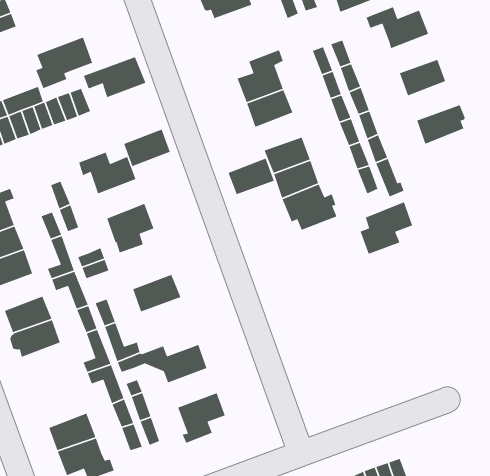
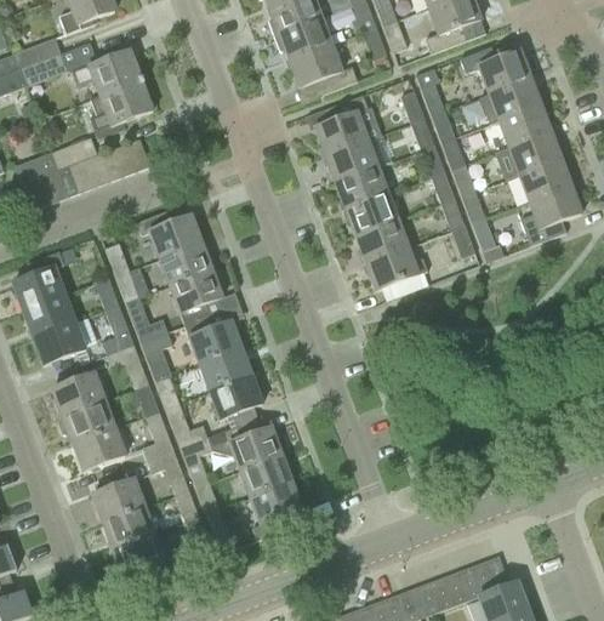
building: none -> [289,45,358,93]
building: none -> [488,78,541,121]
building: [83,56,146,98] -> [70,50,142,97]
building: none -> [495,131,566,180]
building: [123,129,171,167] -> [158,241,211,285]
building: [228,158,275,195] -> [335,166,388,209]
building: [359,201,413,255] -> [520,184,581,245]
building: none -> [182,315,241,365]
building: none -> [206,375,262,428]
building: none -> [72,426,127,471]
building: none -> [237,455,292,498]
building: none -> [92,478,146,522]

